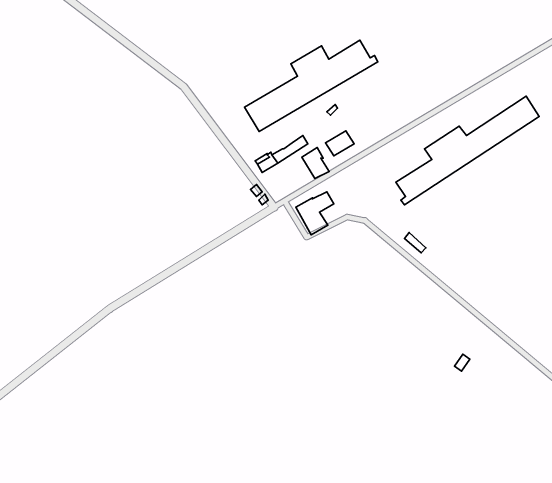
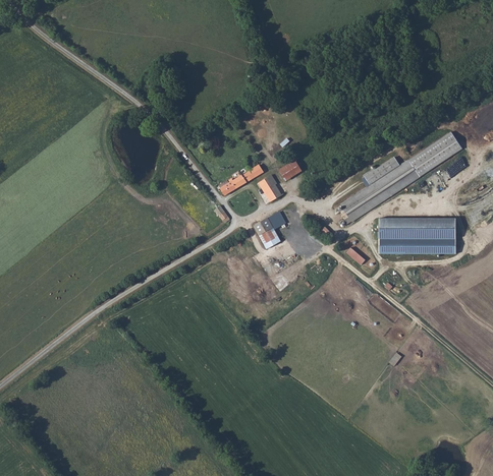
building: [245,40,378,132] -> none
building: none -> [380,219,455,254]

